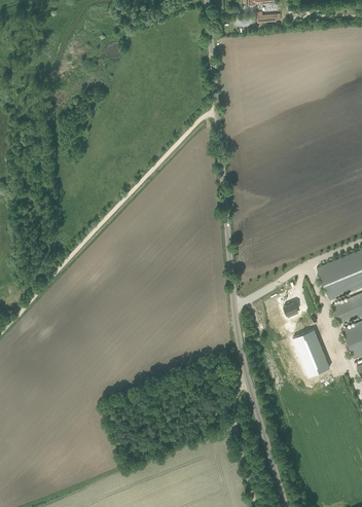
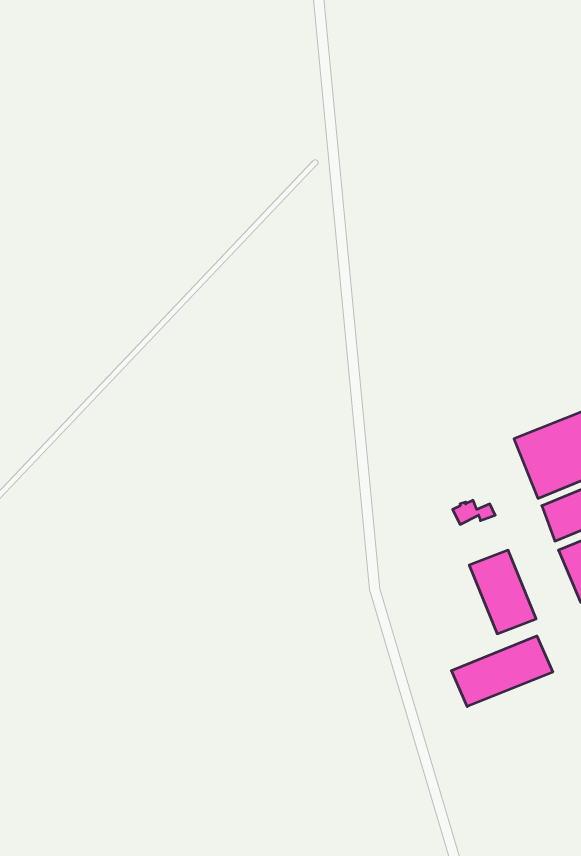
building: none -> [451,636,553,707]

